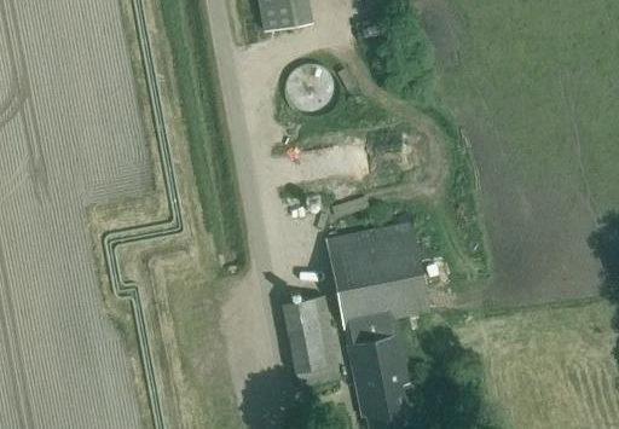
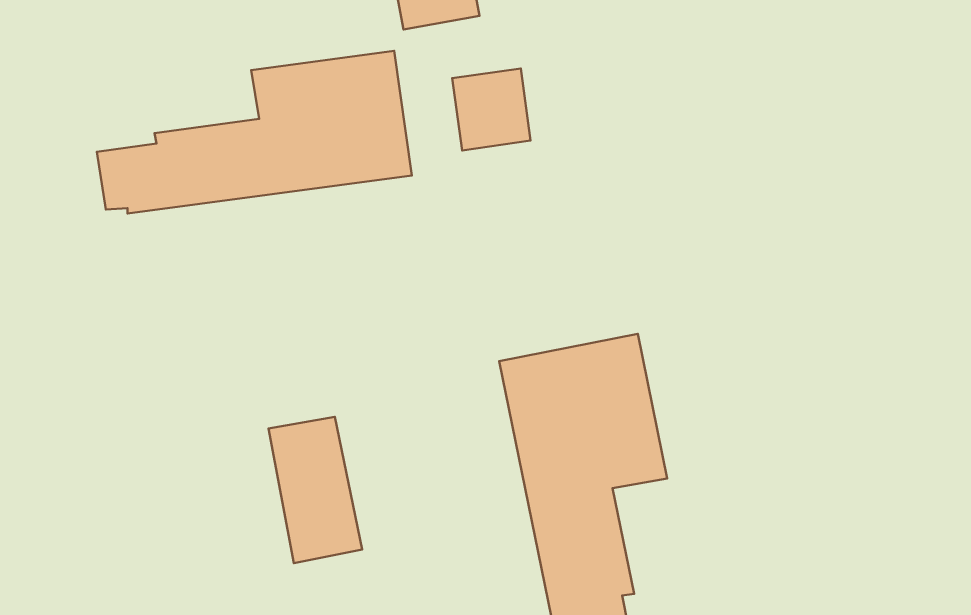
building: none -> [97,51,412,214]
building: [282,295,340,385] -> [268,417,362,563]

